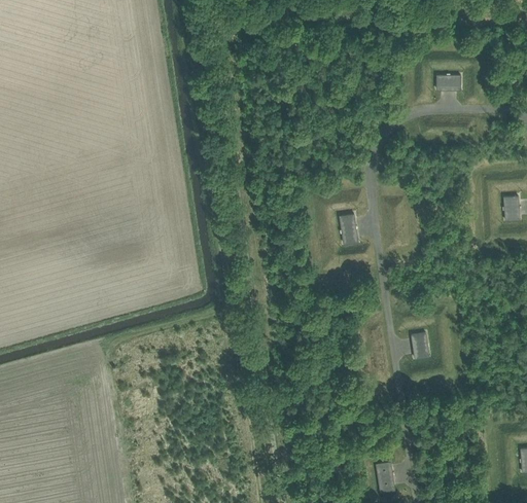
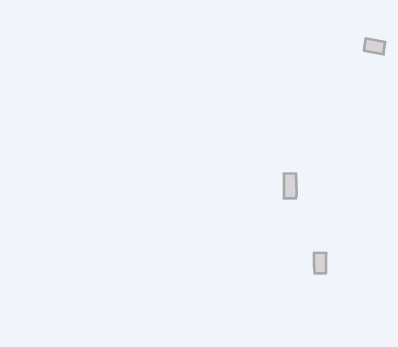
building: [339,213,357,244] -> [284,174,297,198]

